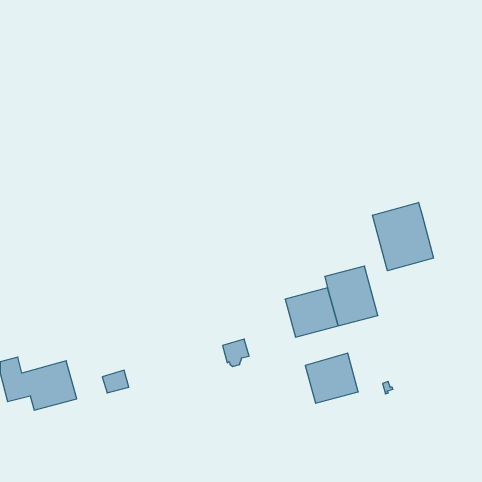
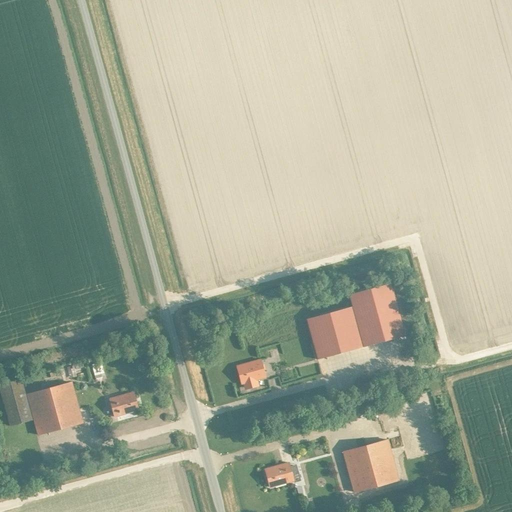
building: [373,202,433,271] -> none
building: [305,353,358,403] -> [343,440,399,493]
building: none -> [265,463,294,488]

